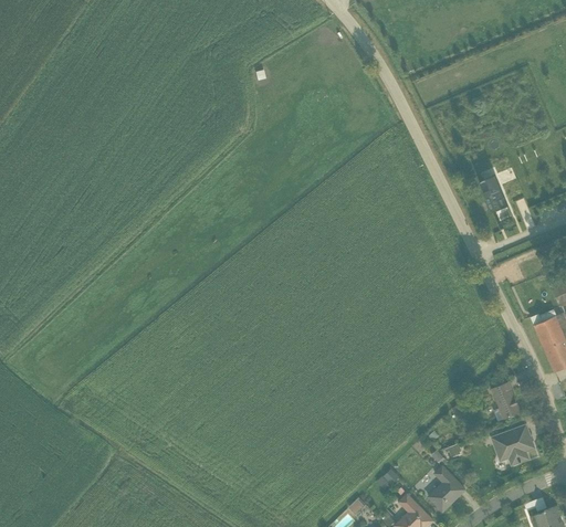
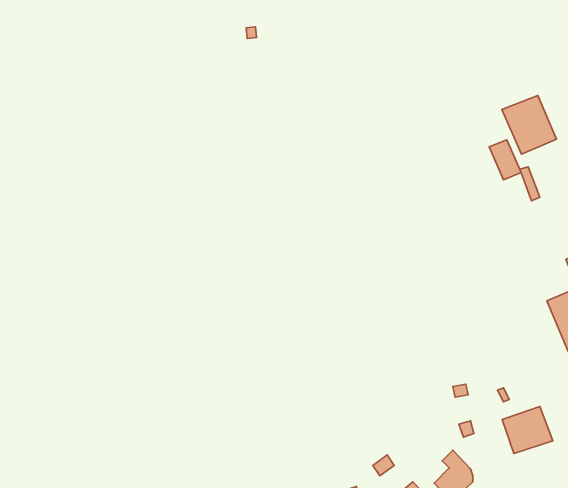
building: none -> [502,95,557,154]
building: [491,381,520,419] -> none

